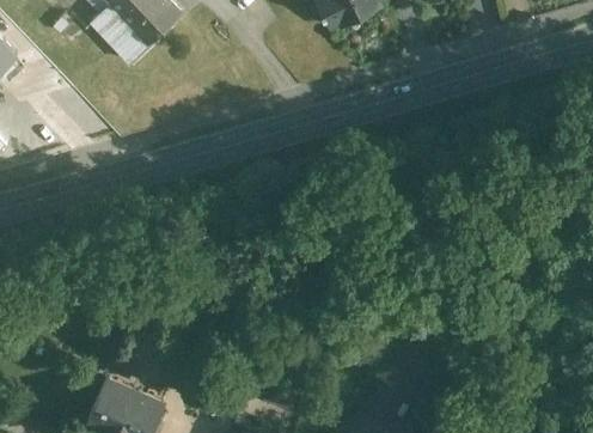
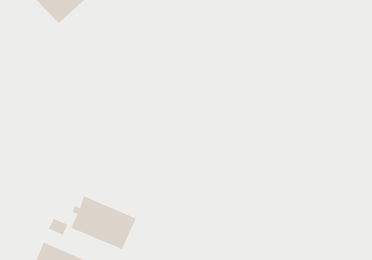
building: none -> [70,195,137,250]

